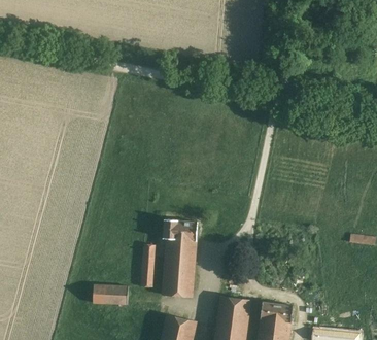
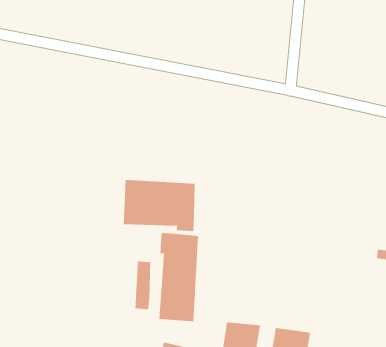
building: none -> [123,179,195,232]
building: [92,284,126,306] -> none

